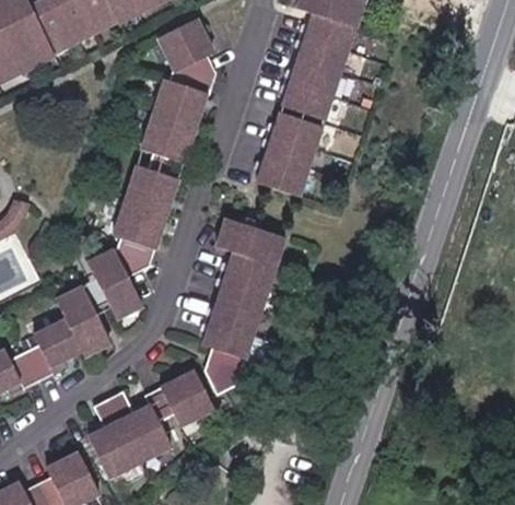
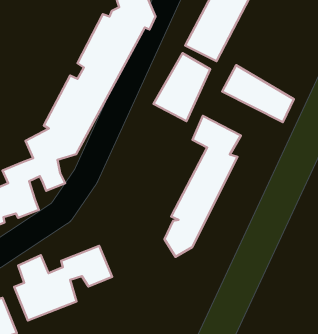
building: none -> [222,65,294,122]
building: [201,216,283,398] -> [164,116,241,257]

